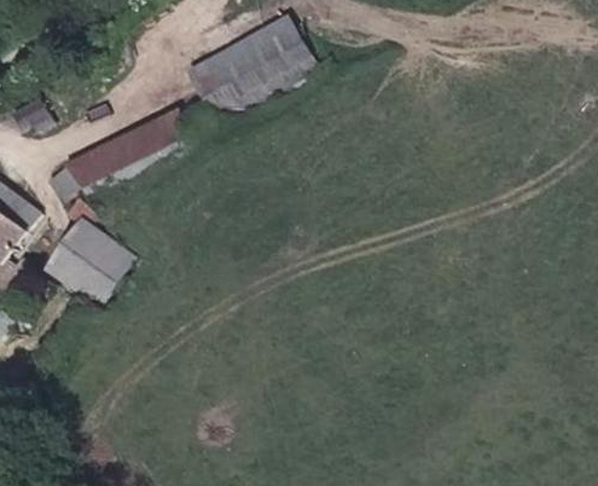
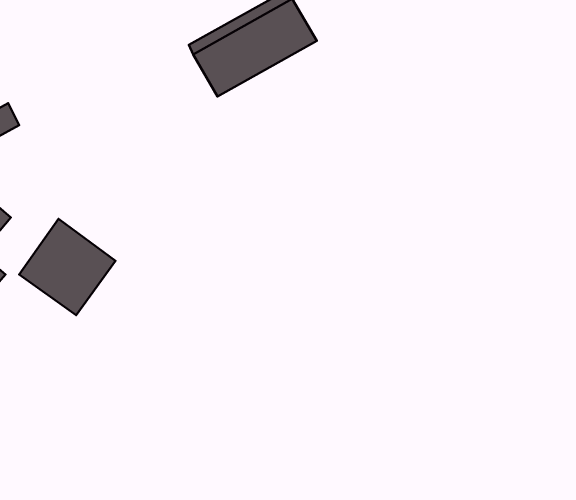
building: [50,108,178,203] -> none

